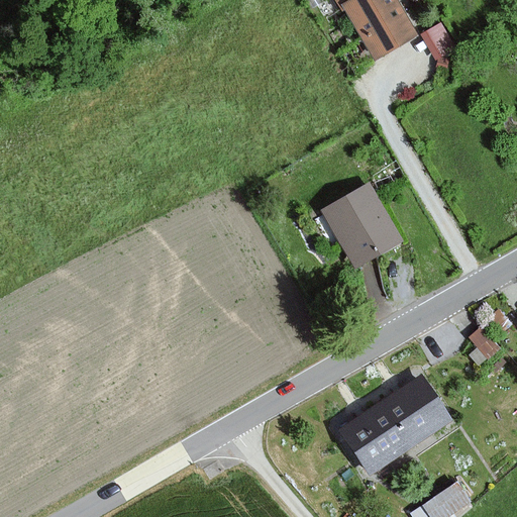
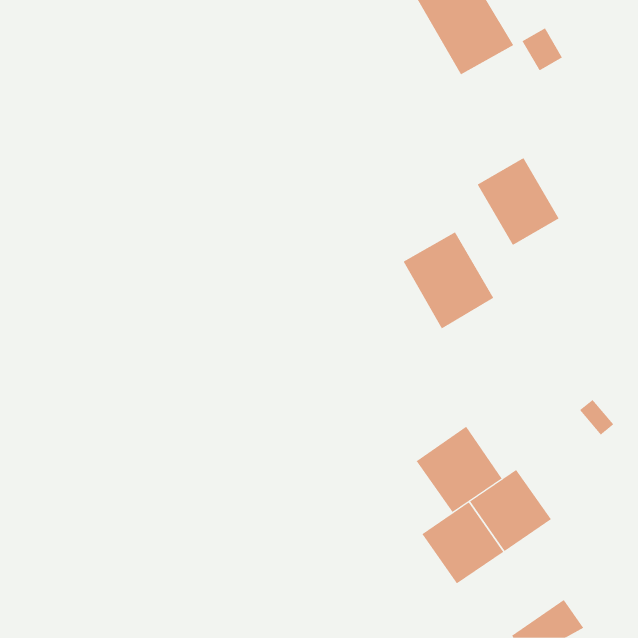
building: none -> [477,157,560,246]
building: none -> [416,426,502,513]

